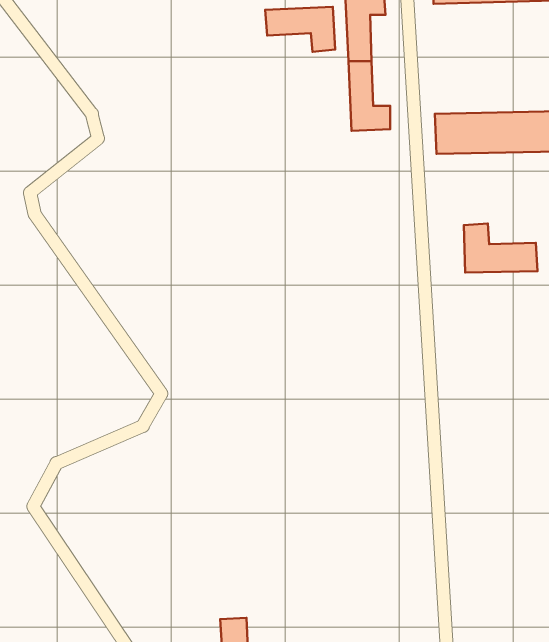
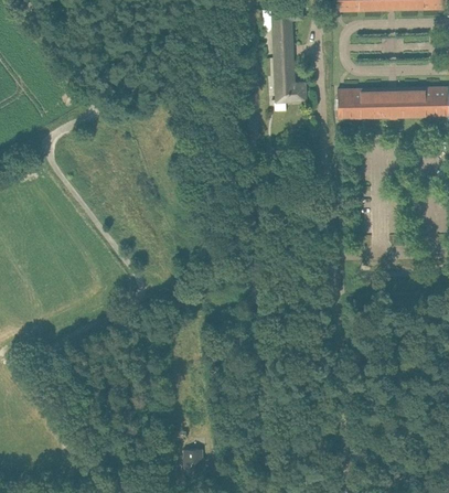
building: [265,7,335,52] -> none
building: [464,224,537,273] -> none

